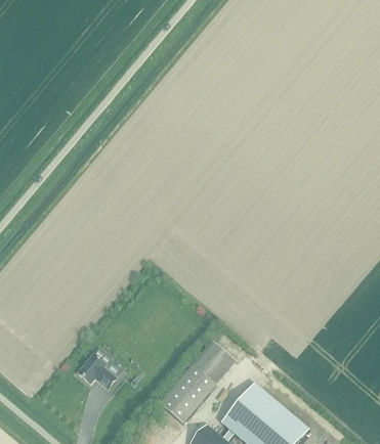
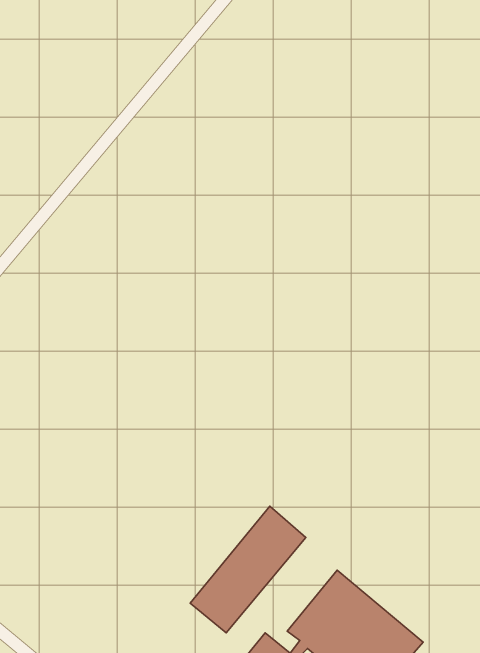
building: [77,353,116,388] -> none

